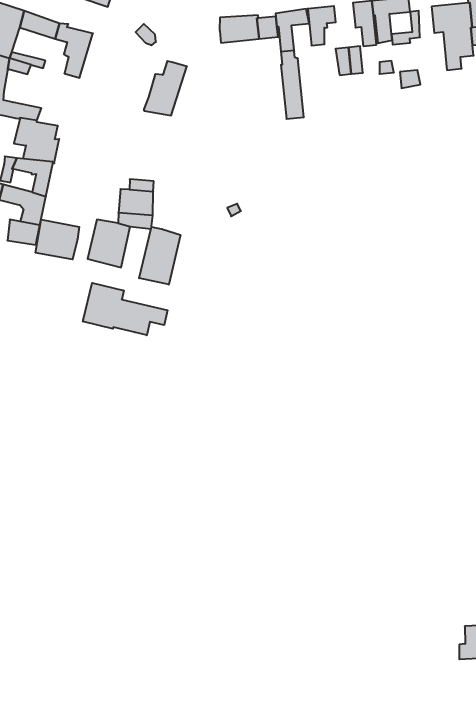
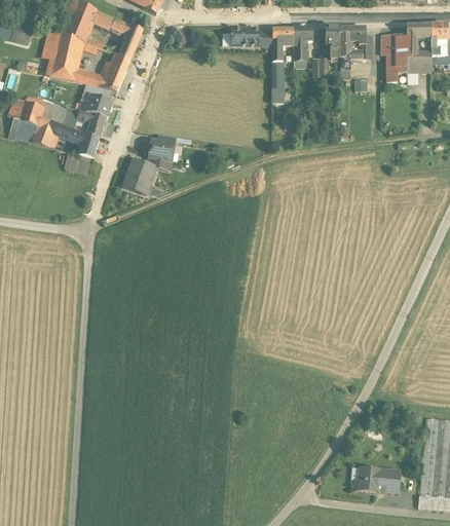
building: [144,61,187,115] -> [98,54,130,92]
building: [36,220,79,259] -> none
building: [139,227,180,285] -> none
building: [83,283,168,335] -> none

